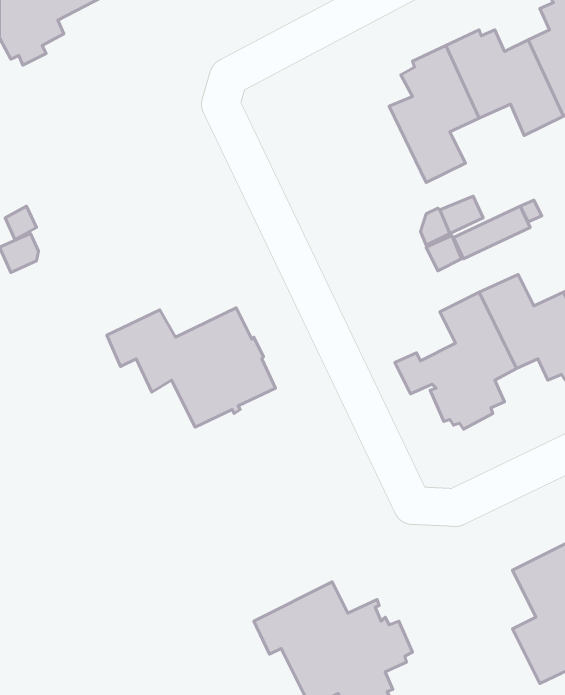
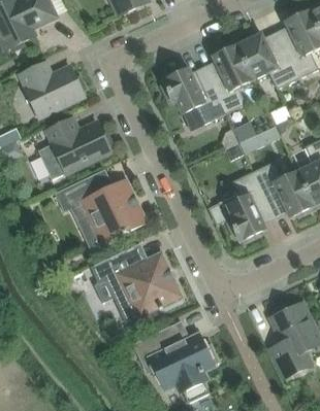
building: none -> [21,61,86,116]
building: none -> [160,67,225,123]
building: none -> [38,116,114,178]
building: none -> [92,252,182,321]

